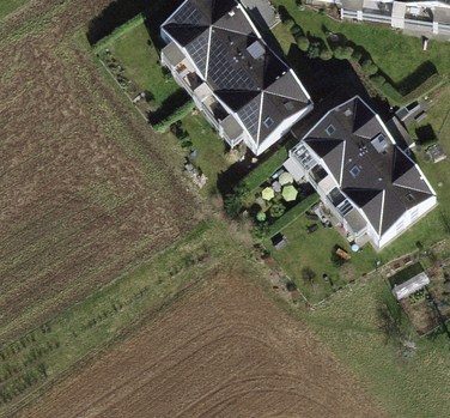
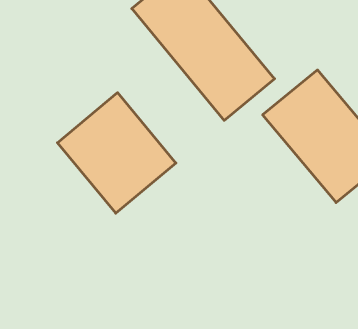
building: none -> [57,93,176,213]

